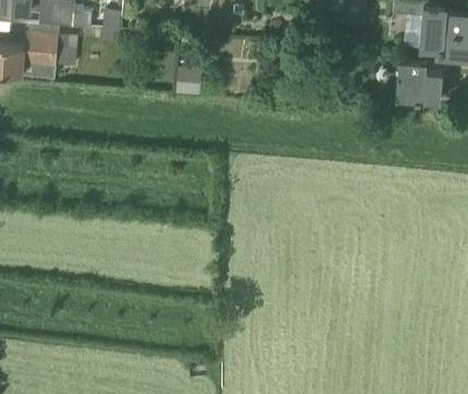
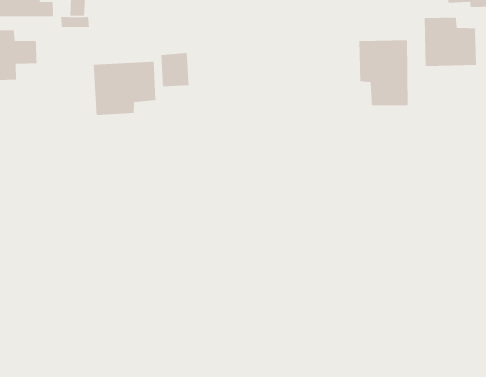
building: none -> [93,61,158,116]
building: none -> [359,40,409,108]

